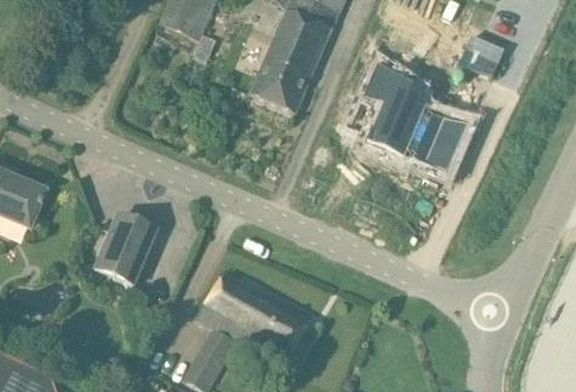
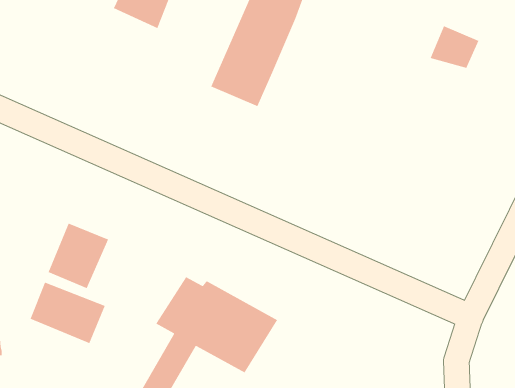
building: [362,60,467,172] -> none
building: none -> [29,281,106,344]

